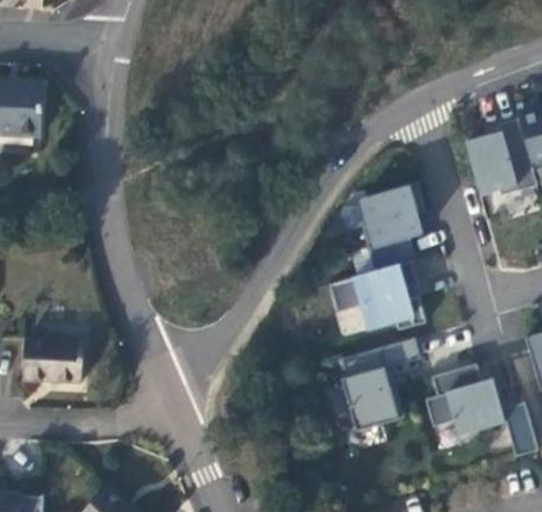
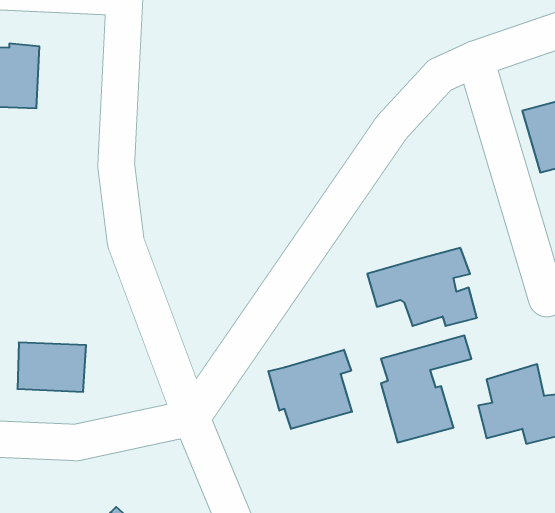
building: [359,183,423,270] -> none
building: none -> [268,350,352,429]

